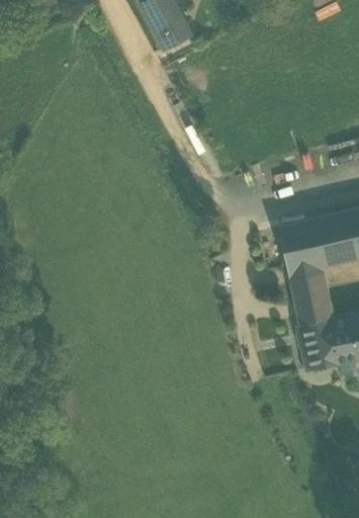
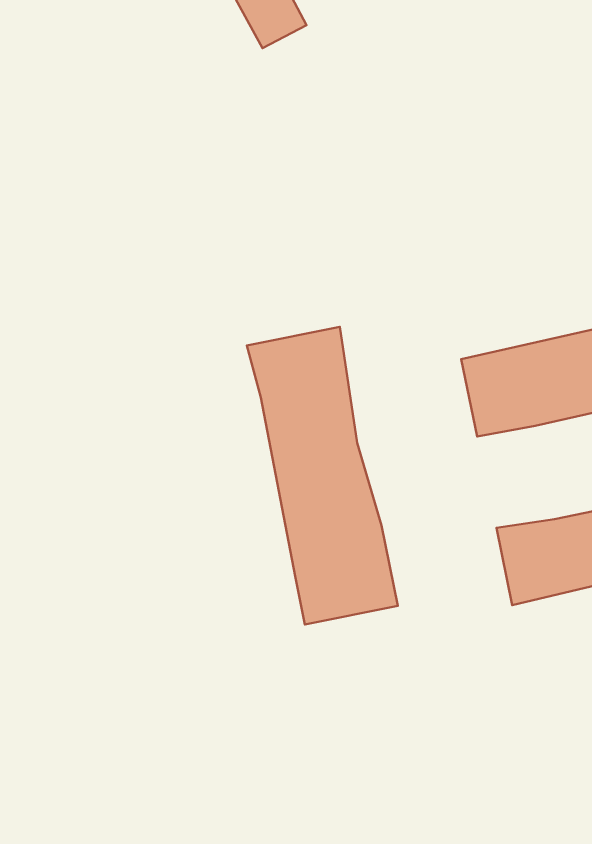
building: none -> [247,327,398,624]
building: [287,265,332,324] -> none

